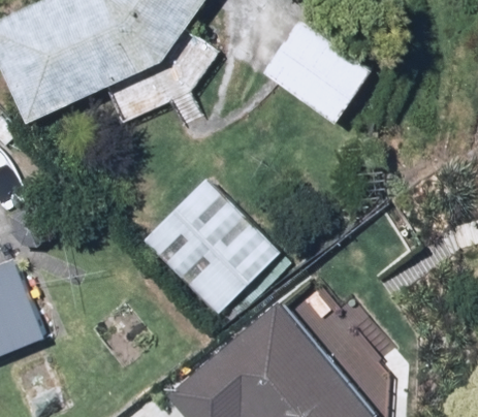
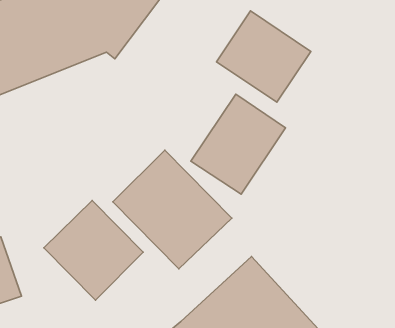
building: none -> [191,94,286,194]
building: none -> [44,201,143,300]

